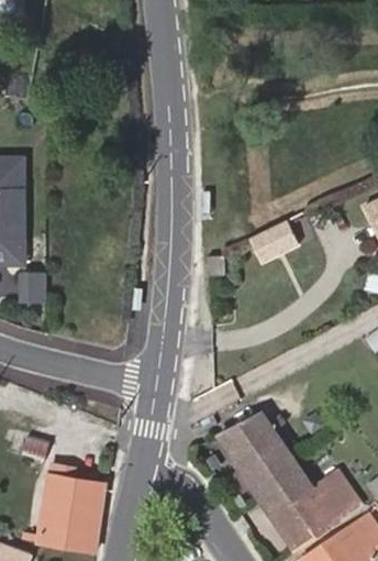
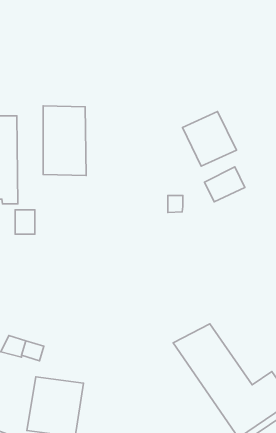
building: none -> [43,106,86,176]
building: none -> [183,112,237,166]

